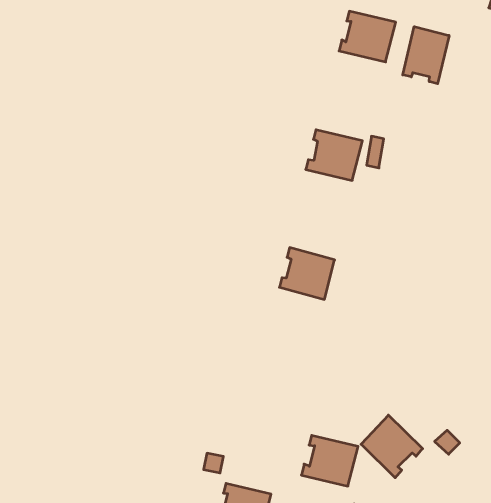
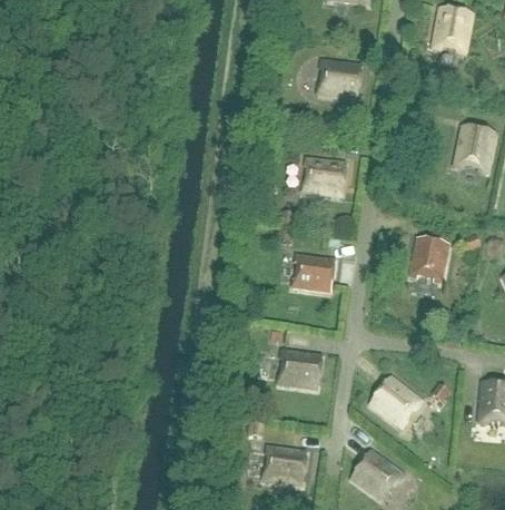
building: [403,27,449,84] -> none
building: none -> [409,236,448,279]
building: [301,435,358,486] -> [278,350,320,386]

